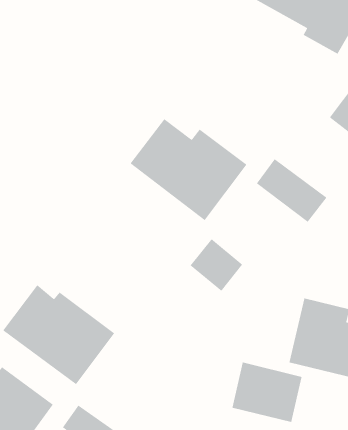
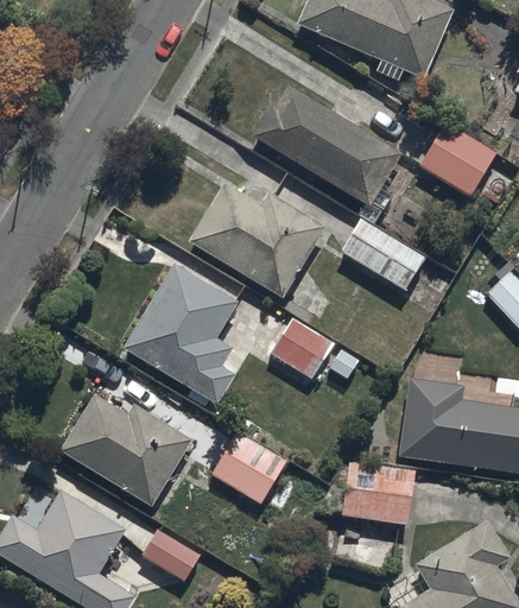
building: none -> [252,86,401,207]
building: none -> [124,264,238,403]
building: none -> [210,430,290,506]

